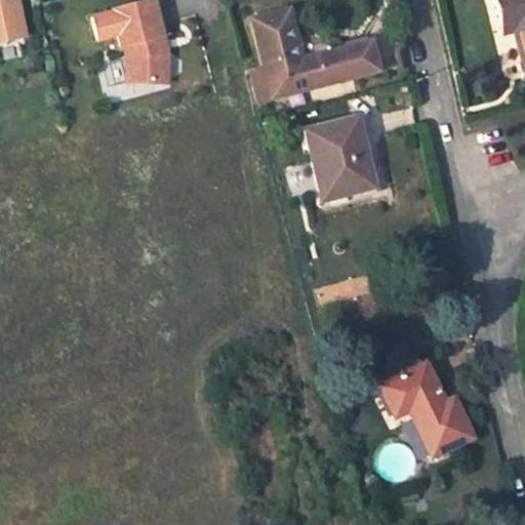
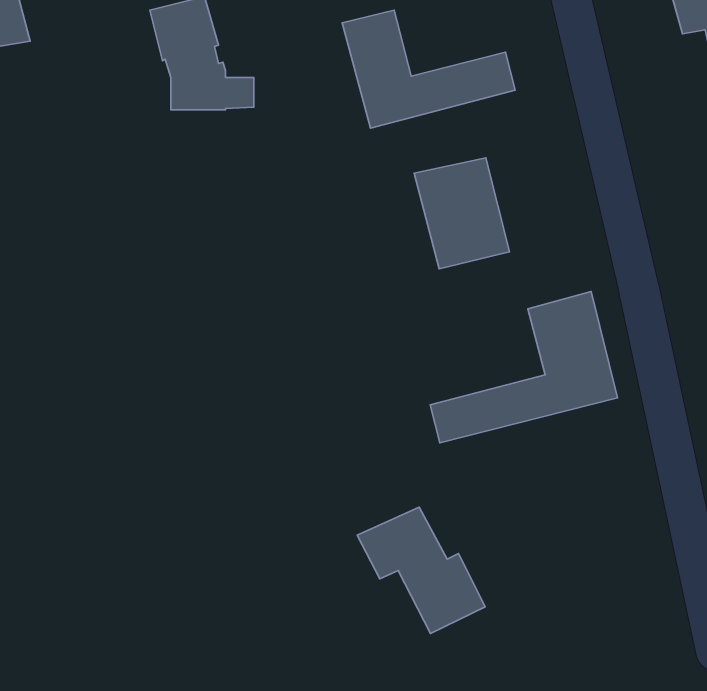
building: none -> [430,292,618,443]
building: [380,362,474,454] -> [357,507,485,634]

